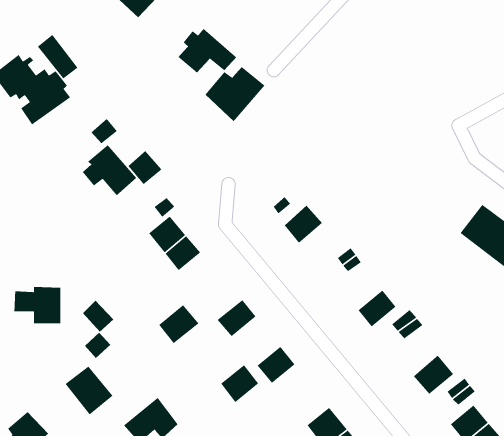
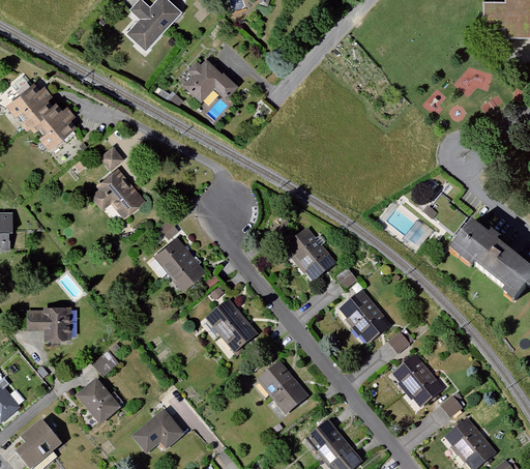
building: [37,34,79,79] -> none
building: [205,66,265,122] -> none
building: [128,150,162,185] -> none
building: none -> [298,244,336,282]
building: none -> [338,290,378,327]
building: [82,300,114,333] -> none
building: [158,304,199,344] -> [205,298,244,336]
building: none -> [391,352,431,390]
building: [220,364,259,403] -> [272,379,310,416]

